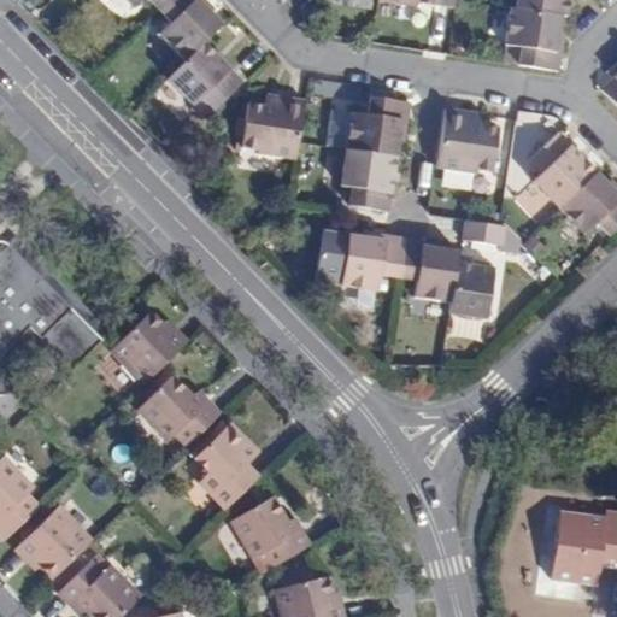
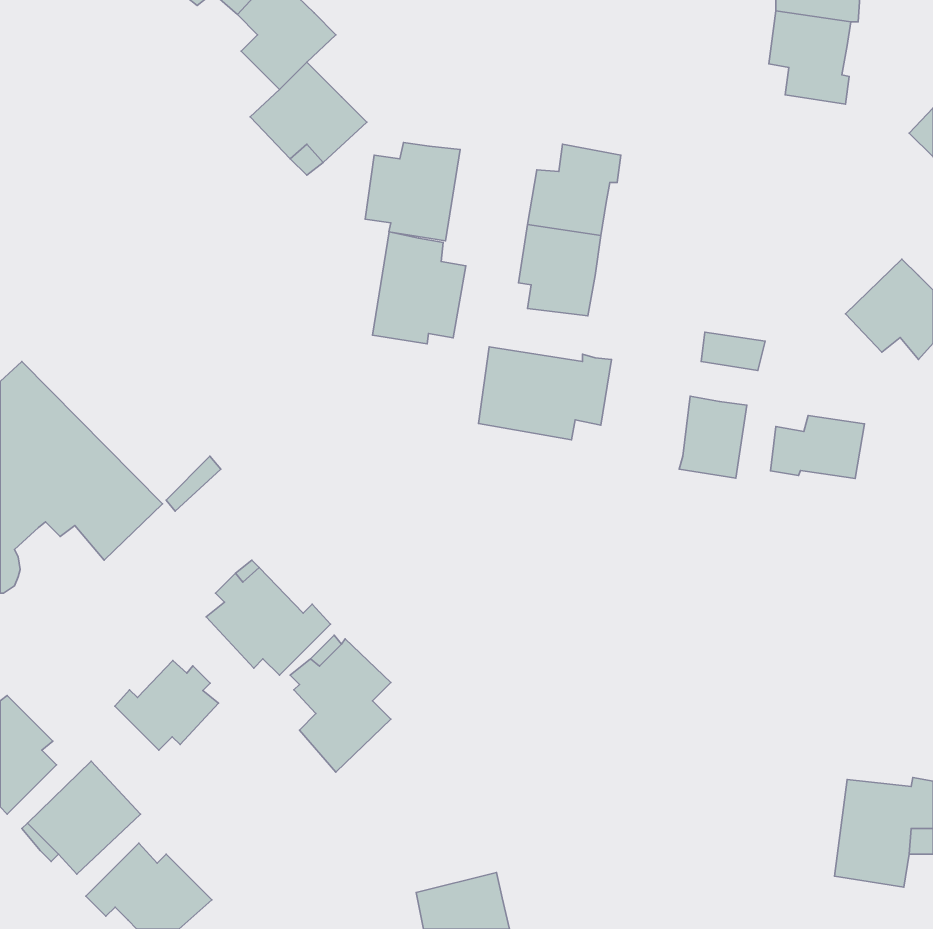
building: [435,107,498,174] -> none
building: [531,131,595,207] -> none
building: none -> [373,232,466,344]
building: [396,237,458,301] -> none
building: none -> [770,415,864,478]
building: [116,311,182,378] -> none
building: none -> [115,661,218,750]
building: [229,495,308,568] -> none

